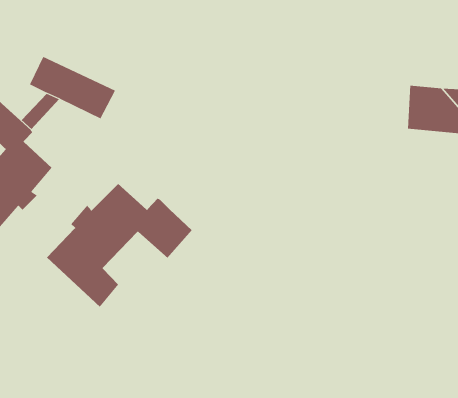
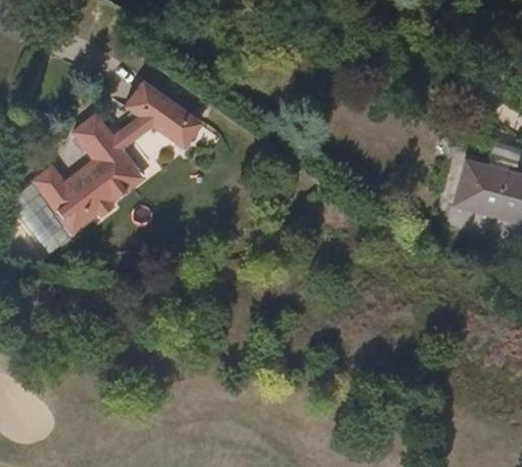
building: [46,183,192,307] -> none

